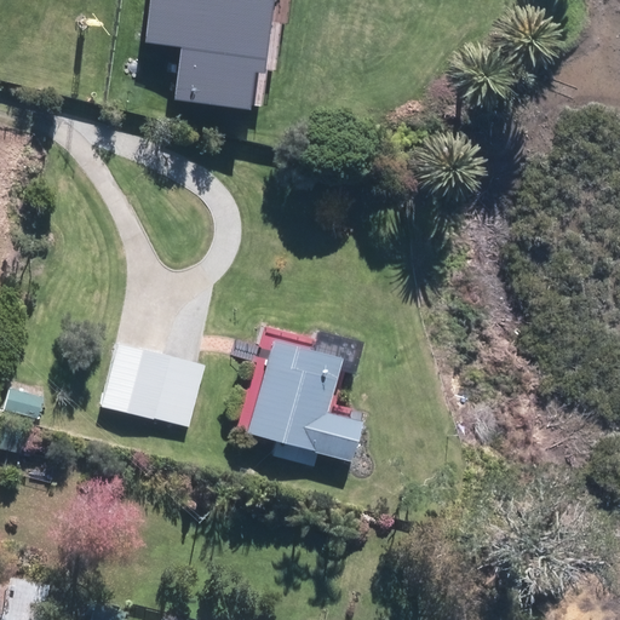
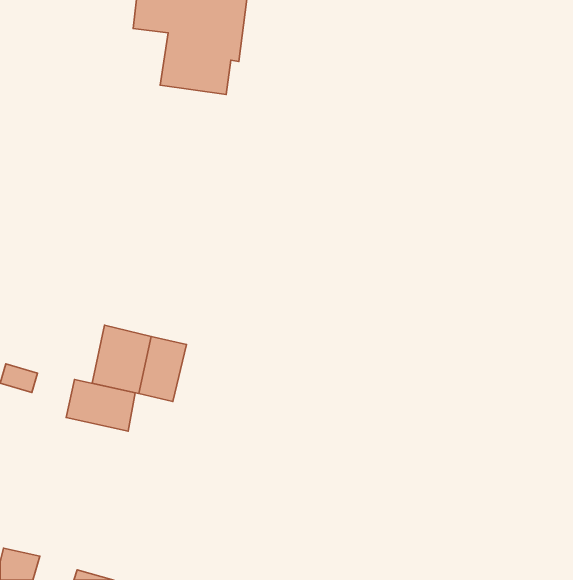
building: [246,345,362,463] -> none
building: none -> [66,379,135,431]

